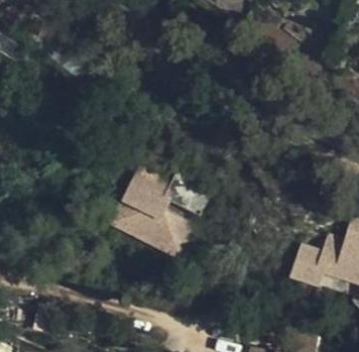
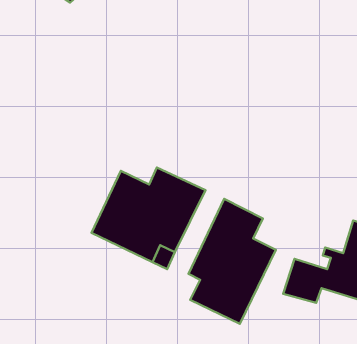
building: none -> [188,199,276,324]

